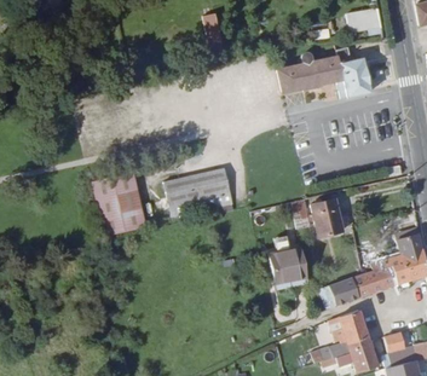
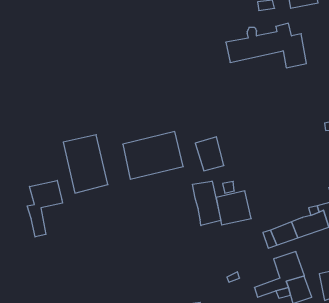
building: [310,201,342,239] -> [195,137,224,171]
building: none -> [27,180,62,237]
building: none -> [193,181,221,226]

